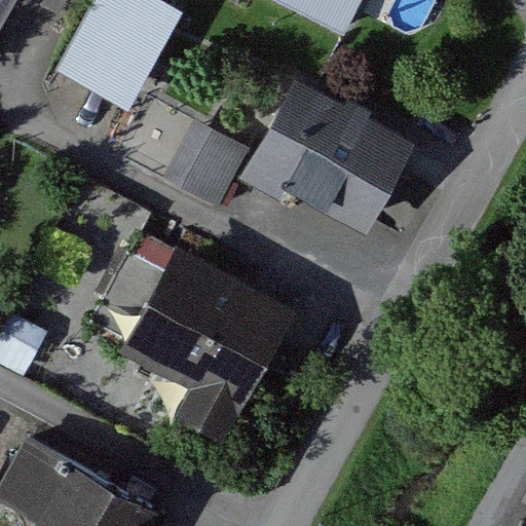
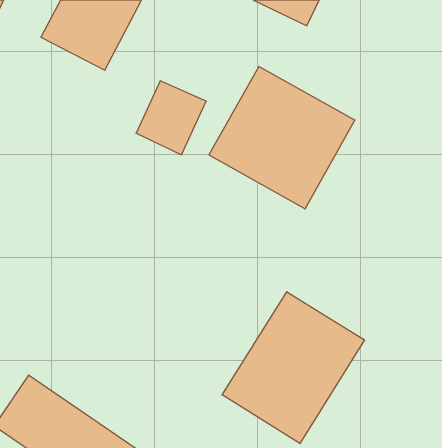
building: [124,246,305,413] -> none
building: none -> [222,292,364,444]

